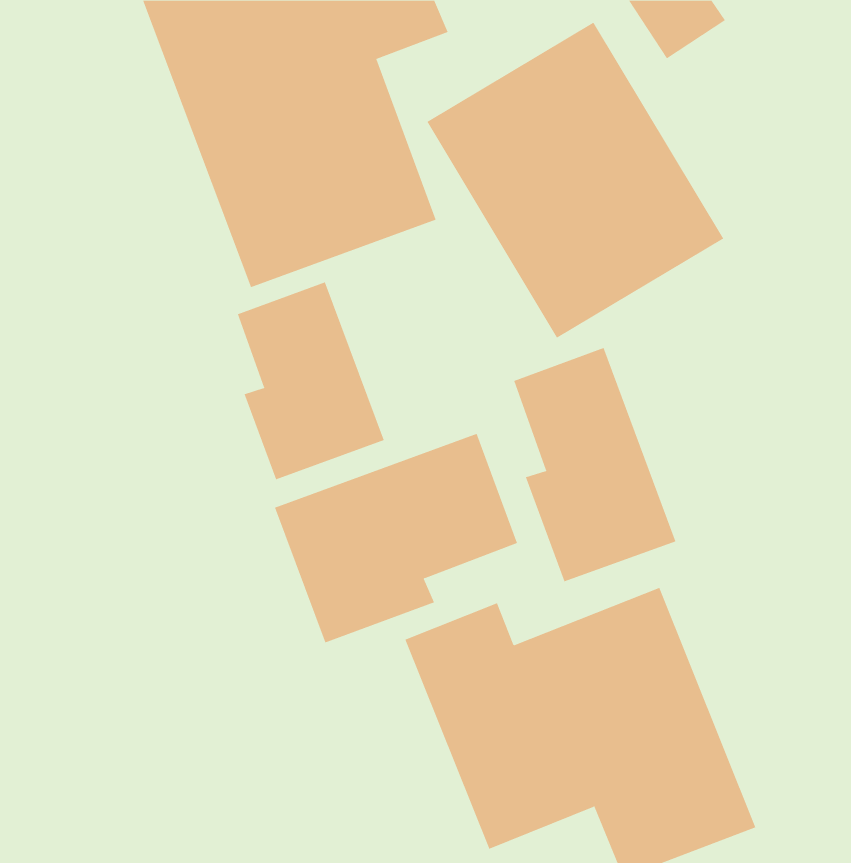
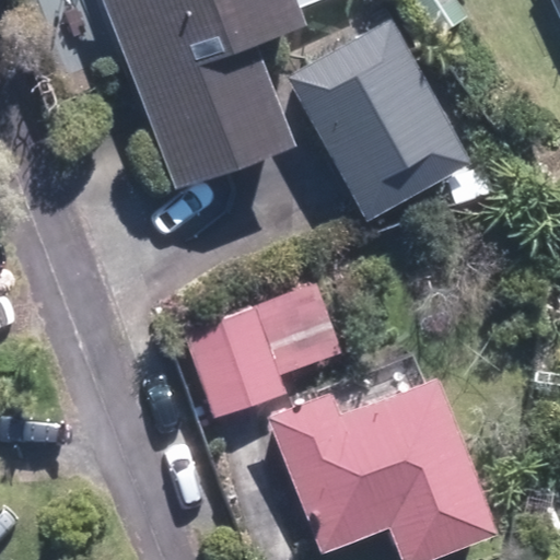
building: [237,281,384,480] -> none
building: [513,347,676,582] -> none

